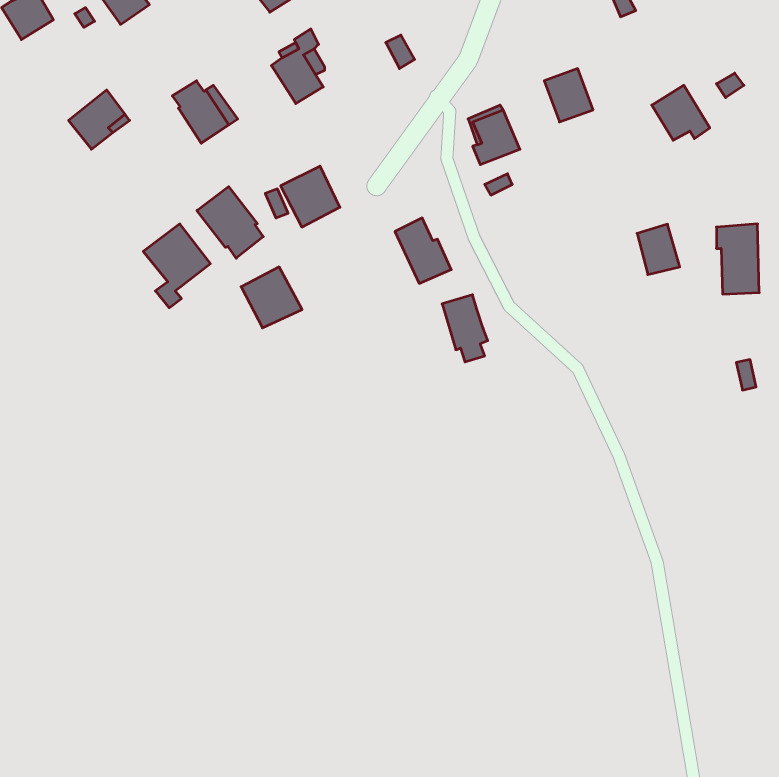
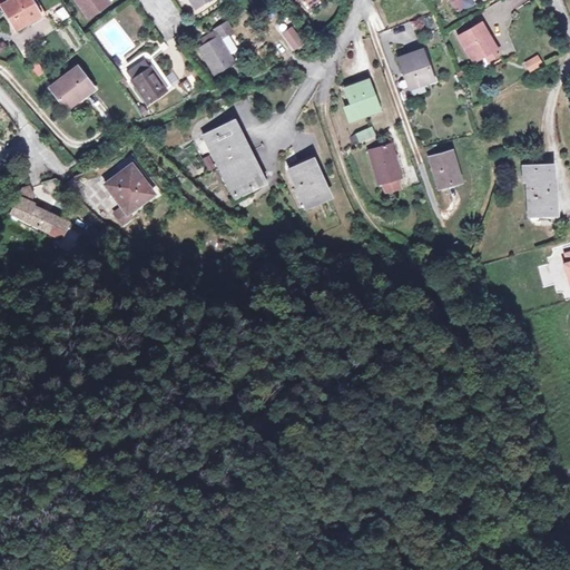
building: [652,85,710,140] -> [458,21,500,61]
building: [197,187,263,258] -> none
building: [637,224,680,275] -> [430,150,461,187]
building: none -> [10,185,81,253]
building: [241,267,302,328] -> [220,151,265,196]
building: [442,295,488,362] -> [368,144,402,193]

